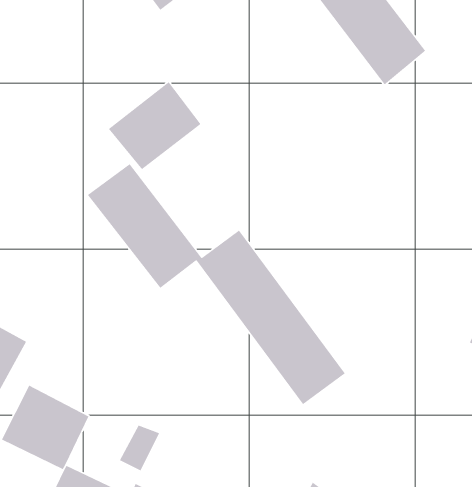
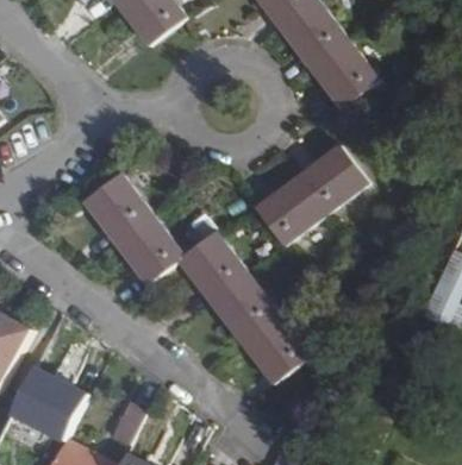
building: [108,81,202,170] -> none
building: none -> [255,145,366,245]

